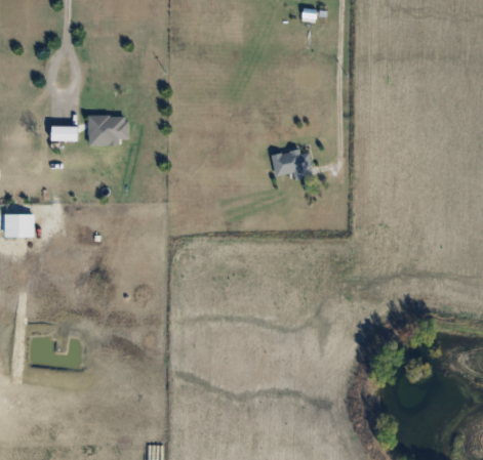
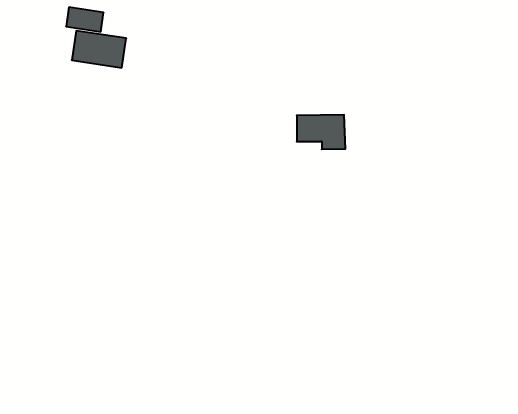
building: [48,126,76,141] -> [66,7,104,32]

